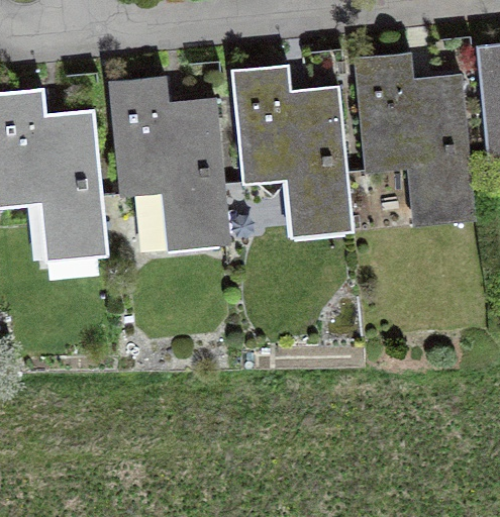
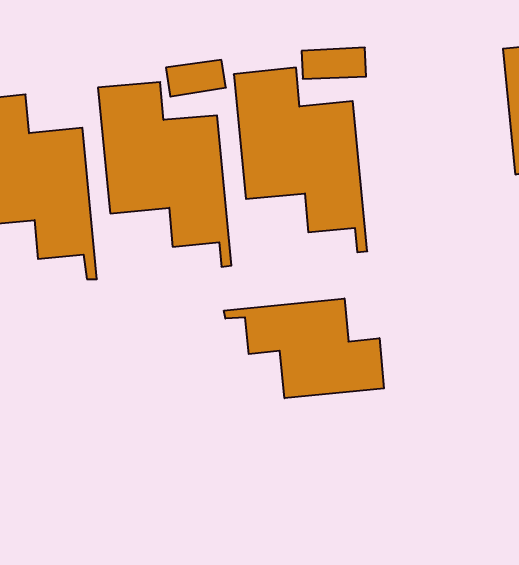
building: [355,53,475,225] -> none
building: none -> [224,298,384,398]

